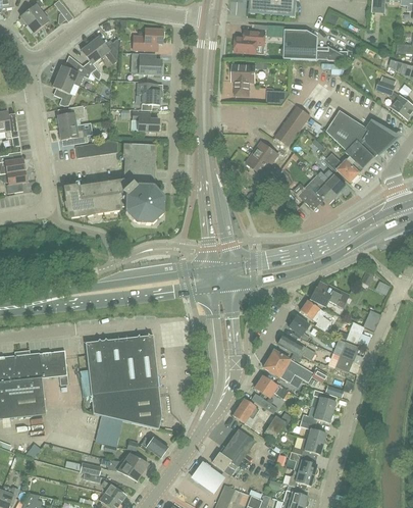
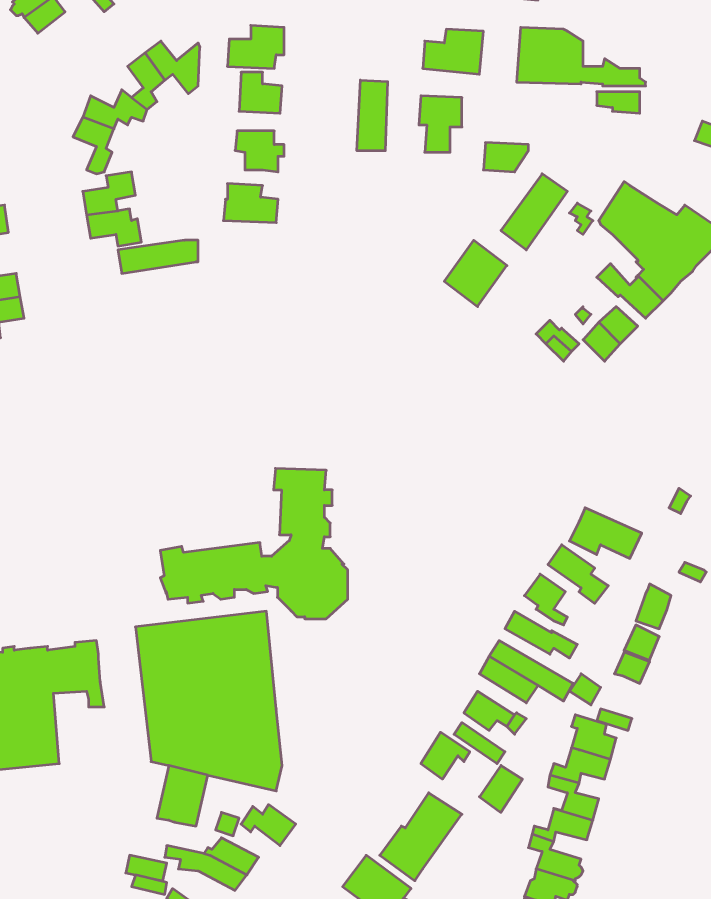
building: none -> [357,80,388,151]
building: [64,144,162,222] -> [160,468,348,619]

